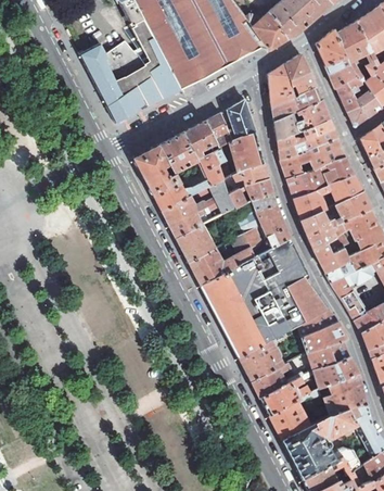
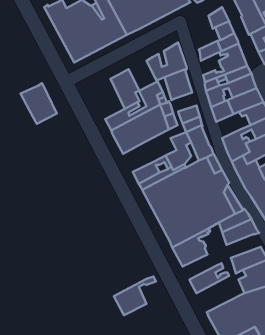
building: [268,65,295,108] -> none
building: [274,113,300,140] -> none
building: [183,122,217,160] -> none
building: [133,144,179,196] -> [21,83,57,124]
building: [241,162,269,186] -> none
building: [294,188,324,219] -> none
building: [177,225,216,262] -> none
building: [307,340,350,370] -> none
building: [252,363,296,398] -> none
building: [269,390,322,439] -> [114,276,156,315]

